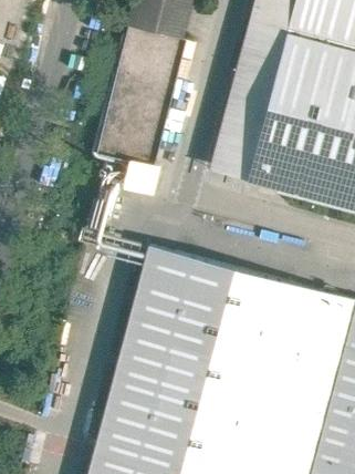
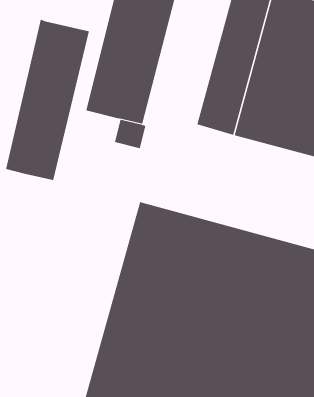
building: none -> [5,19,89,181]

